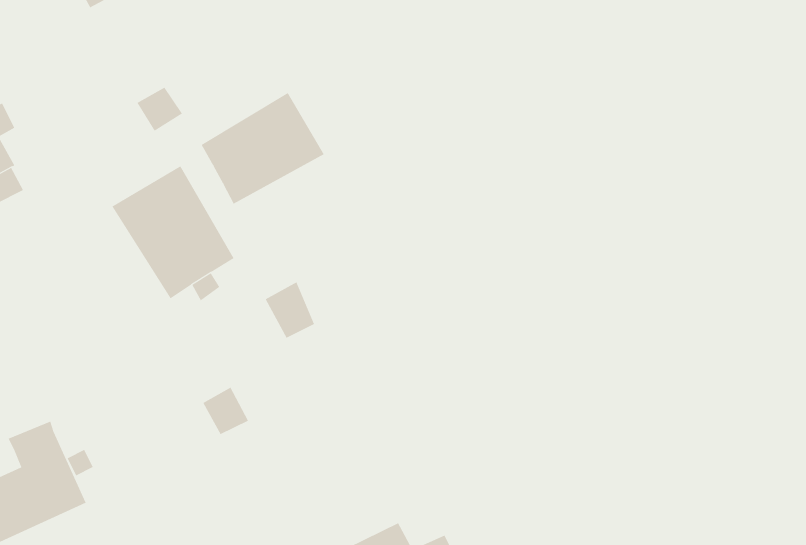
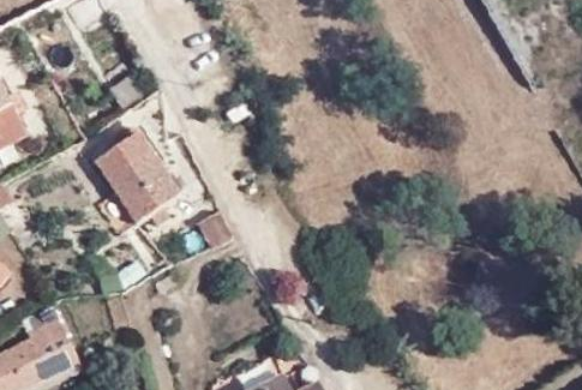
building: [201,92,325,205] -> none

